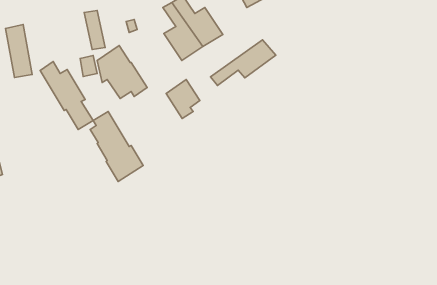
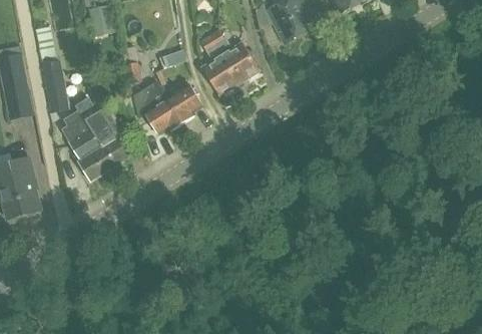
building: [210,40,276,86] -> none
building: [166,80,200,119] -> [167,83,201,122]
building: [90,112,143,182] -> [61,110,114,181]

